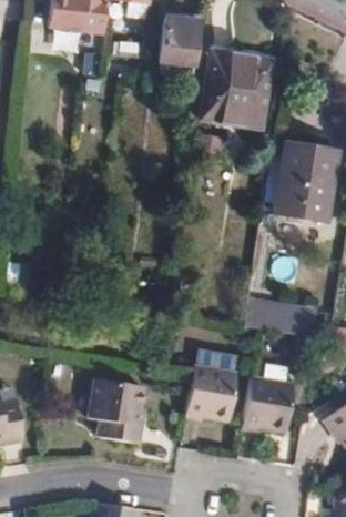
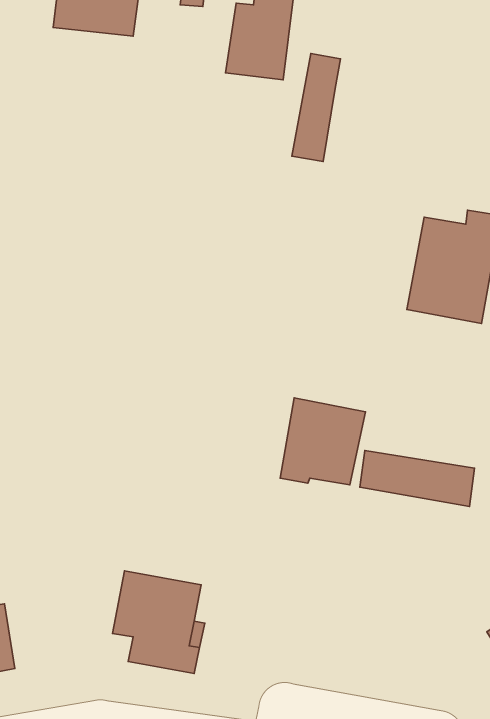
building: [221,52,271,125] -> none
building: [184,366,238,422] -> [280,398,365,485]
building: [241,378,294,434] -> none

